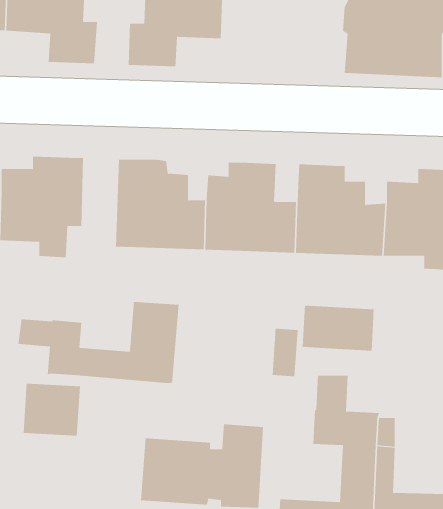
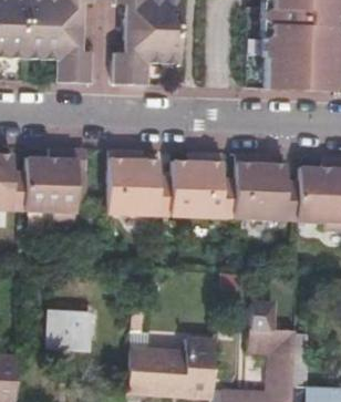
building: [18,301,179,384] -> none
building: [302,305,374,351] -> none

